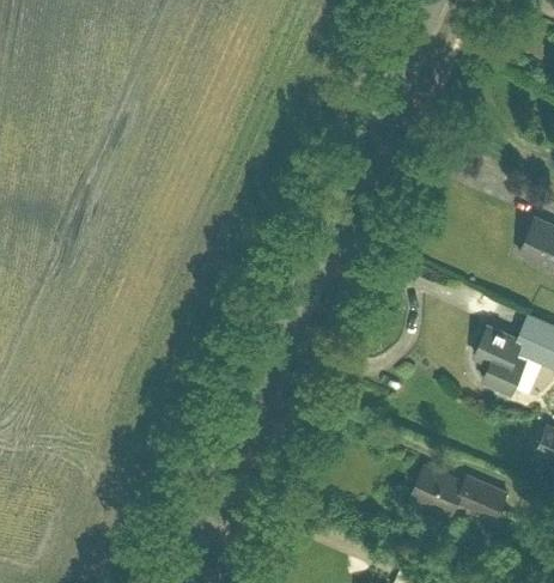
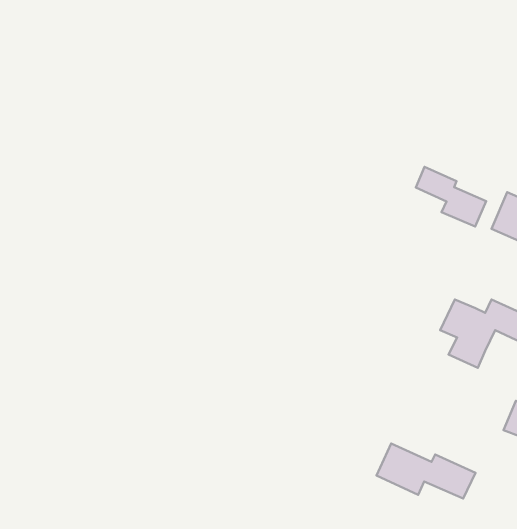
building: none -> [416,167,486,227]

